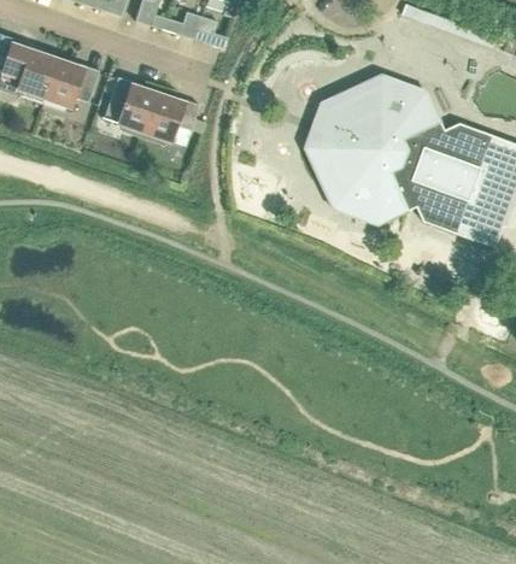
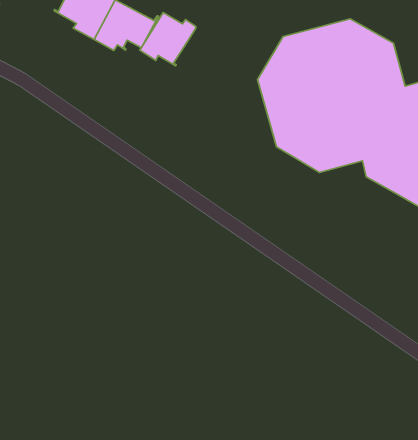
building: none -> [140,13,196,66]

